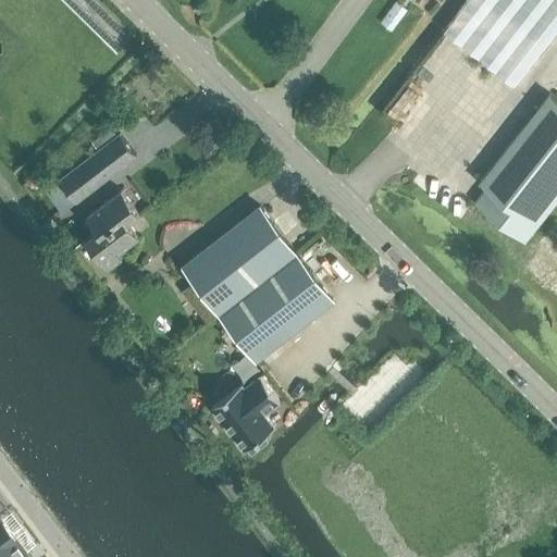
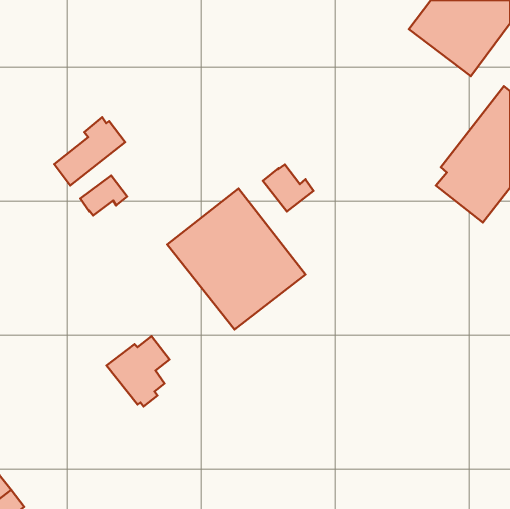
building: none -> [263,164,314,211]
building: [85,221,137,271] -> none
building: [210,377,278,454] -> [106,336,170,406]

